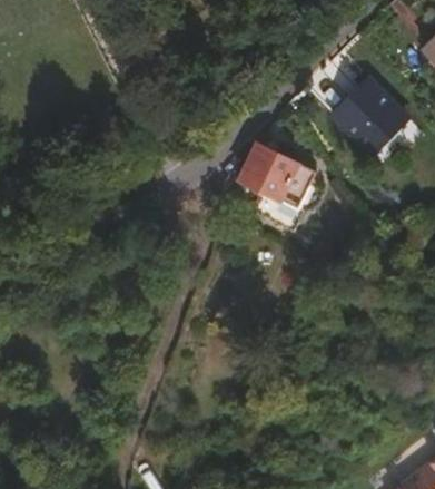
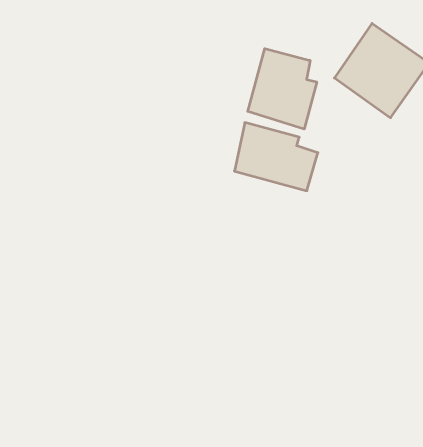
building: none -> [248,49,317,129]

